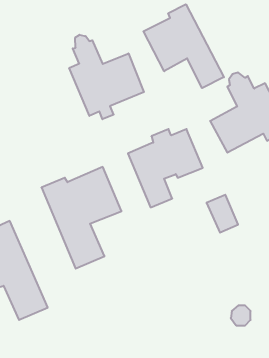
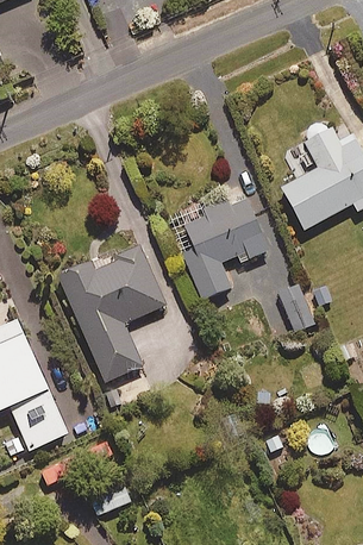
building: [143,4,224,88] -> none
building: [69,35,144,119] -> none

